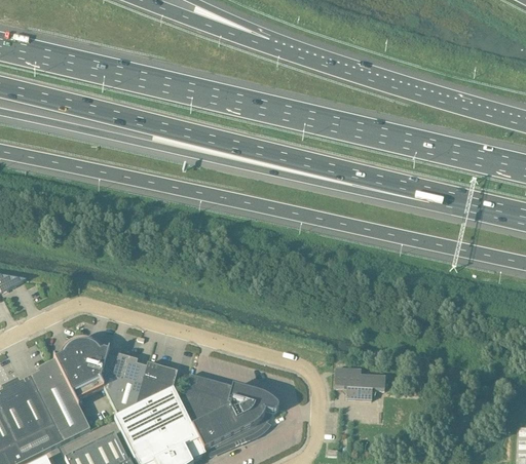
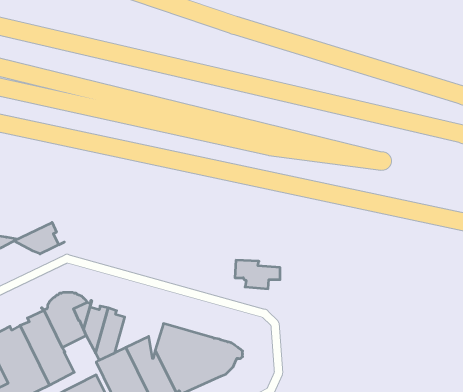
building: none -> [14,222,64,254]
building: [136,361,178,405] -> none
building: [335,366,385,398] -> [235,260,280,289]

